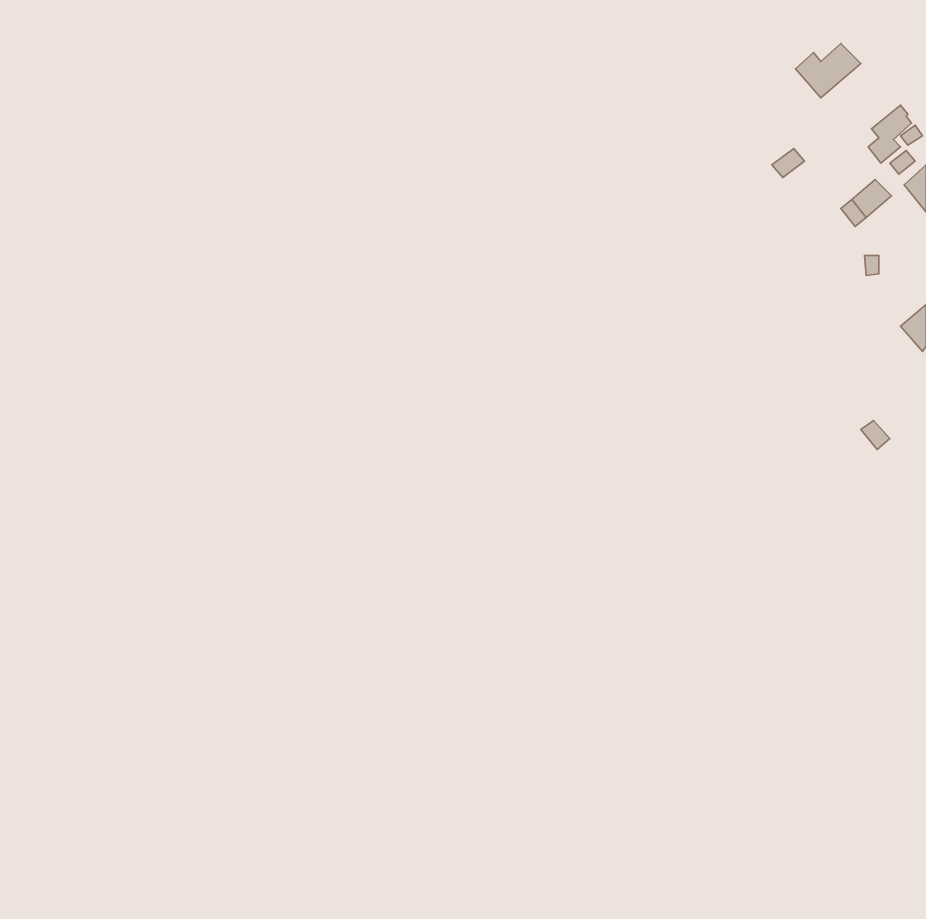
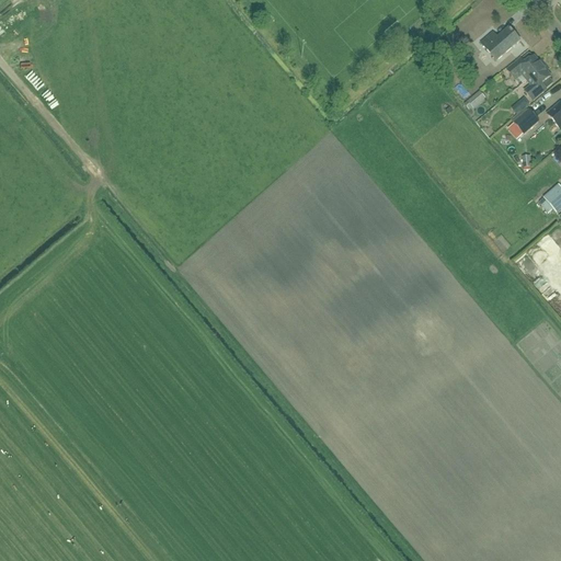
building: none -> [507,55,545,78]

